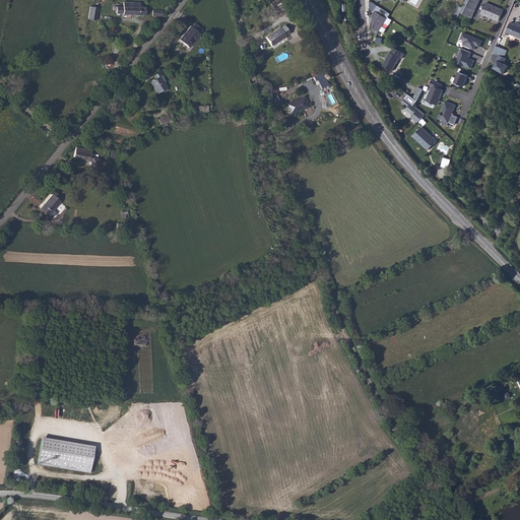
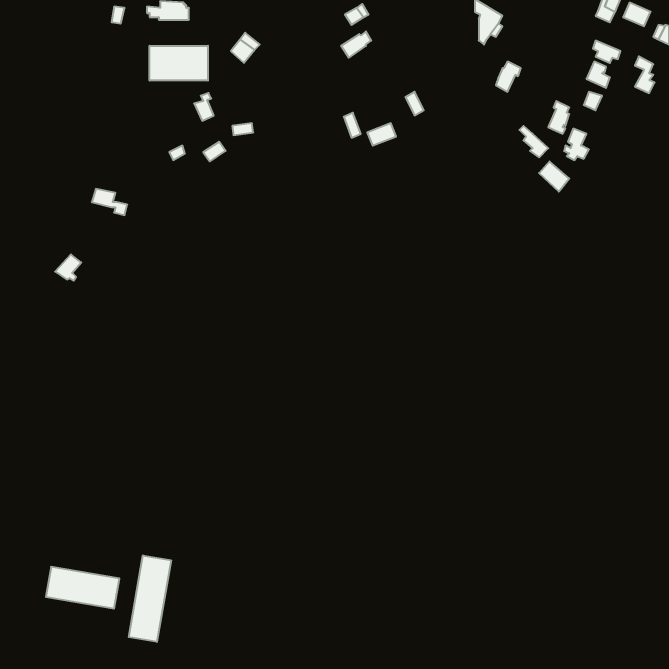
building: none -> [150,46,208,81]
building: none -> [129,555,171,642]

